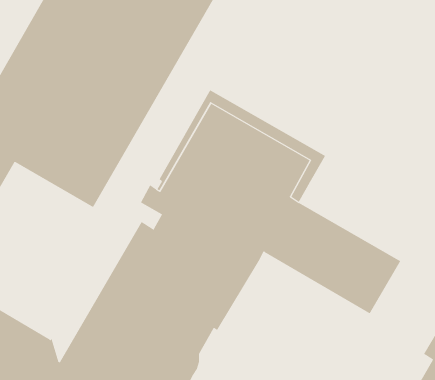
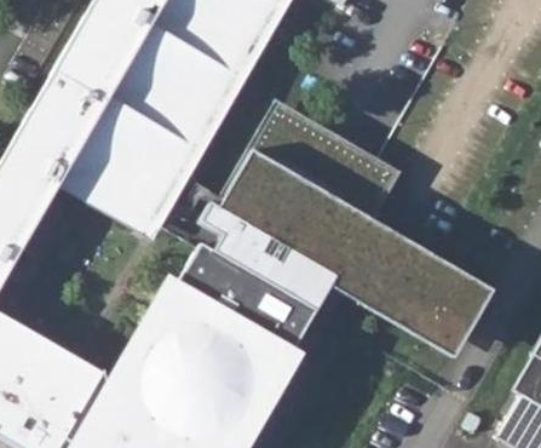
building: none -> [332,277,494,358]

